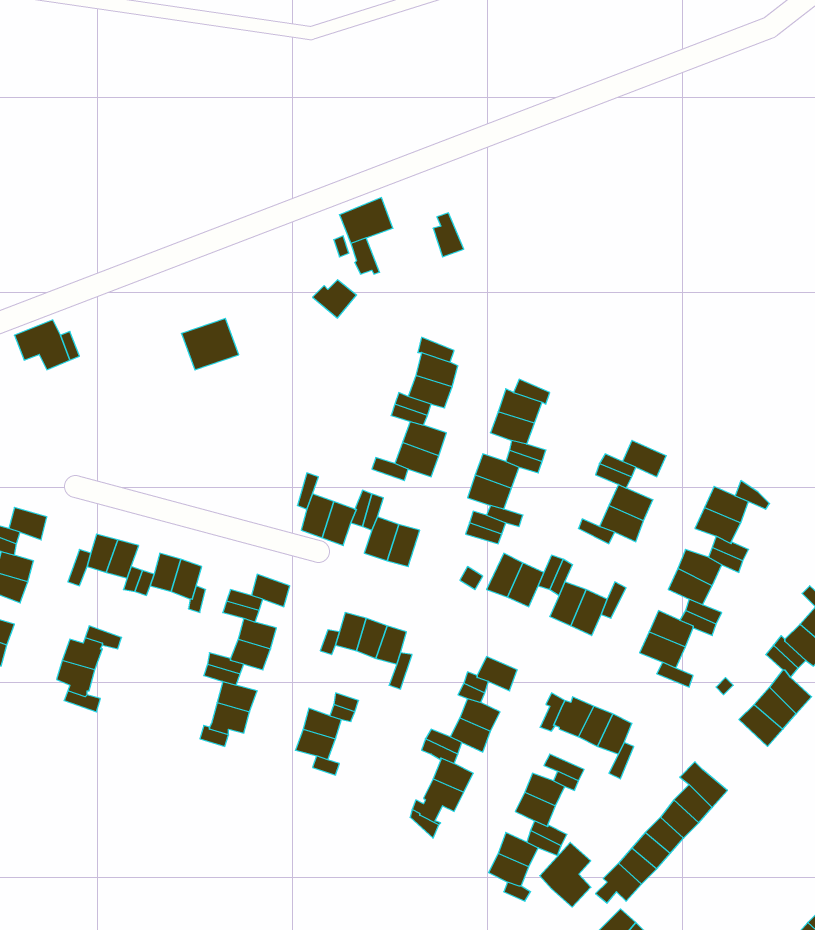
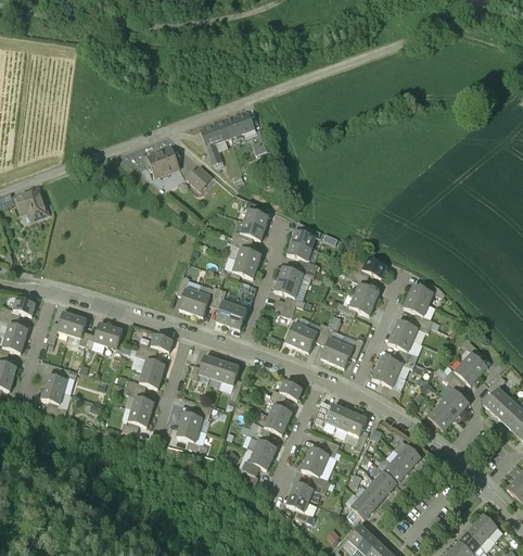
building: none -> [226,111,256,137]
building: [181,318,239,370] -> [149,147,181,176]
building: [540,842,591,907] -> none

